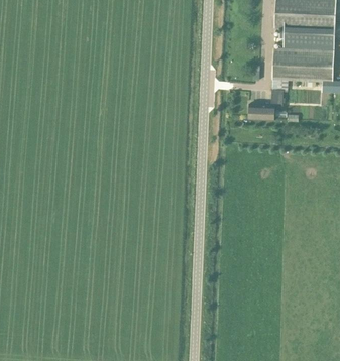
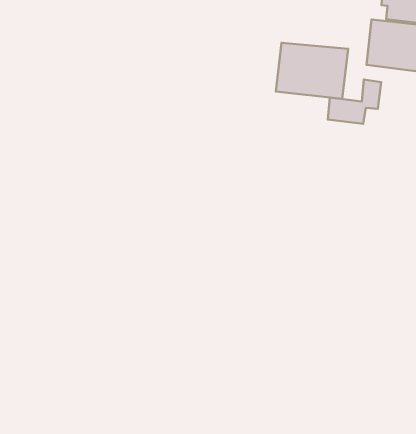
building: none -> [276,43,348,99]

